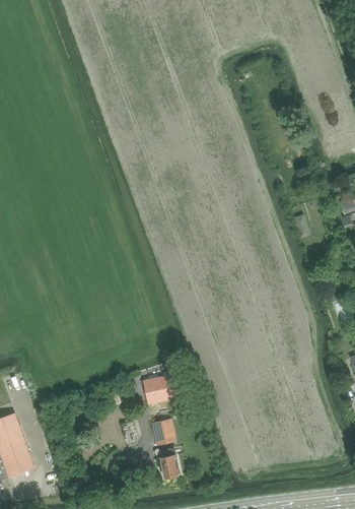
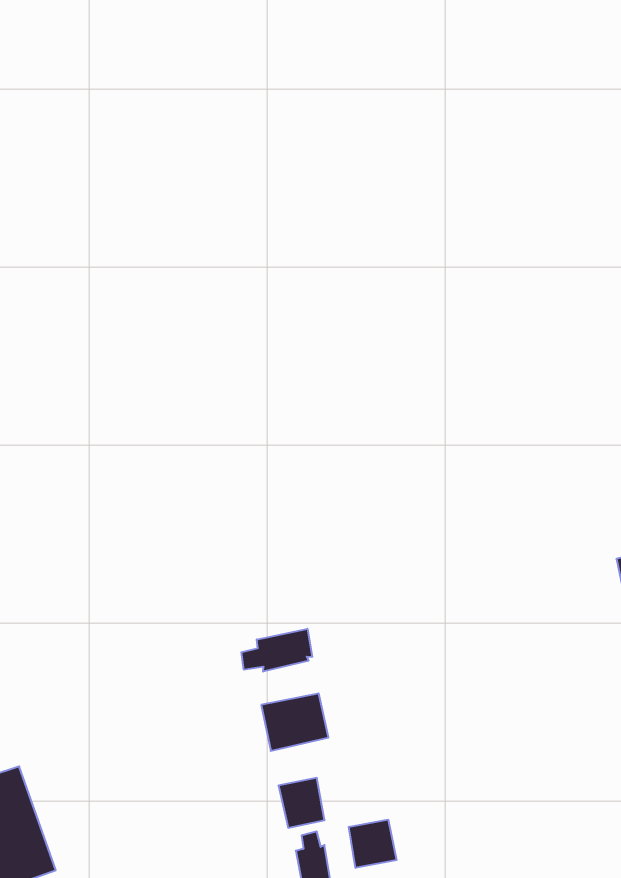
building: none -> [241,629,312,672]
building: none -> [349,820,397,868]

